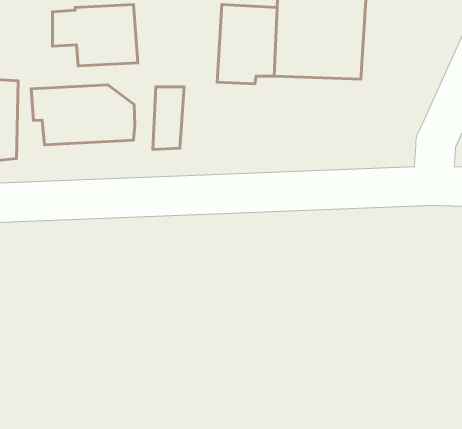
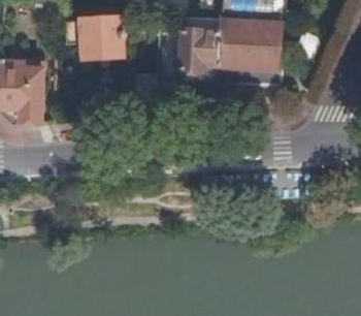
building: [31,85,135,145] -> none

